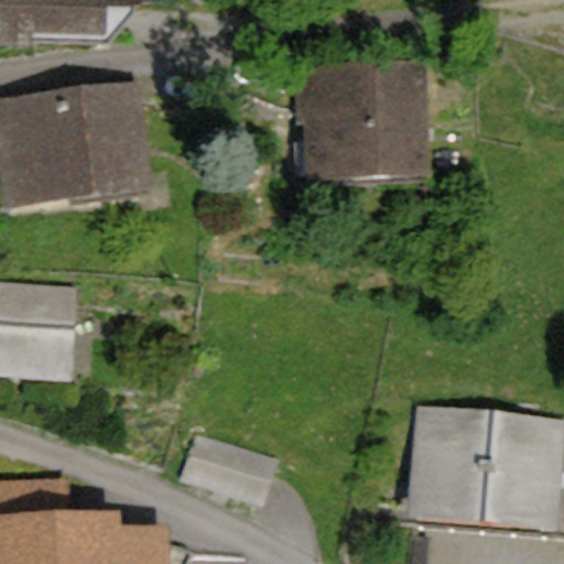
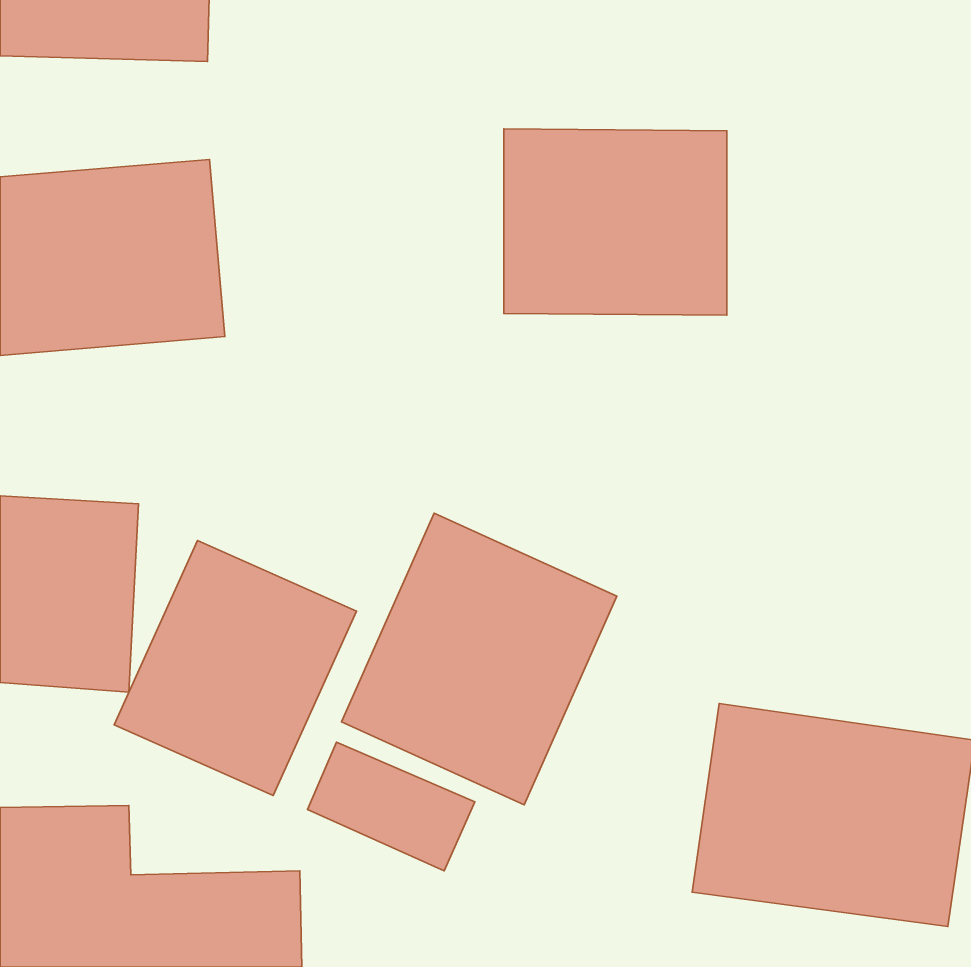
building: none -> [341,513,617,805]
building: none -> [114,540,357,796]

